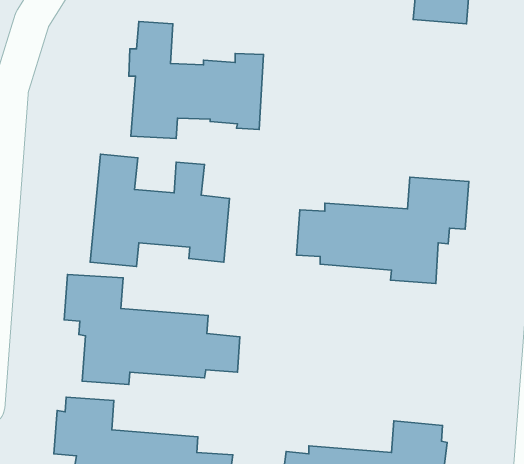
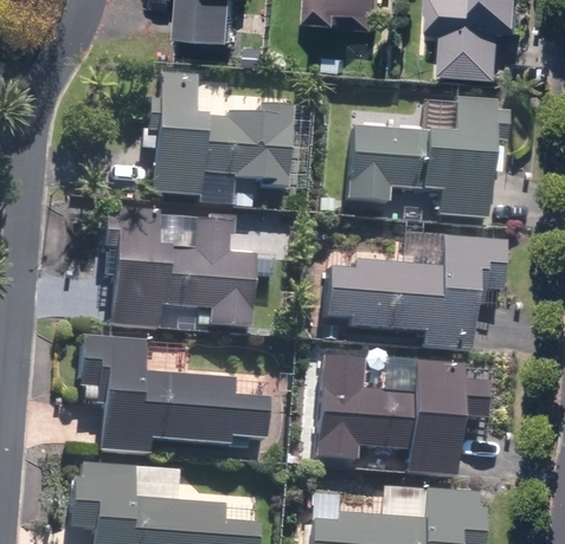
building: none -> [347,98,496,215]
building: none -> [317,354,486,471]

